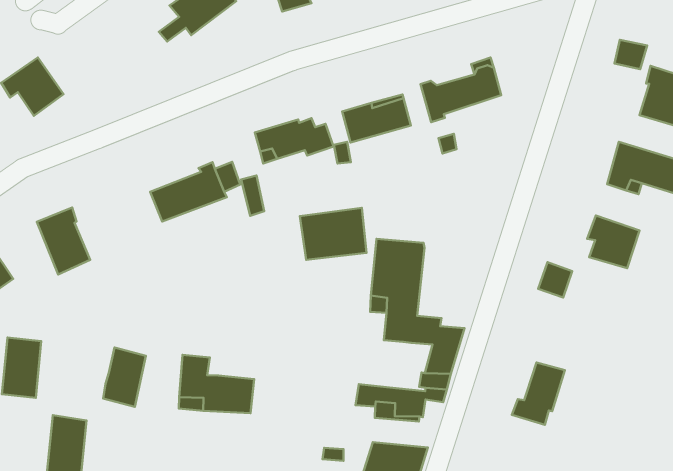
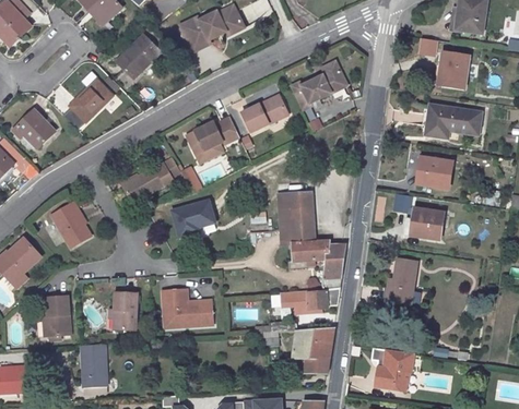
building: none -> [70,79,111,121]
building: [300,208,366,260] -> [168,196,216,237]
building: none -> [404,208,444,240]

